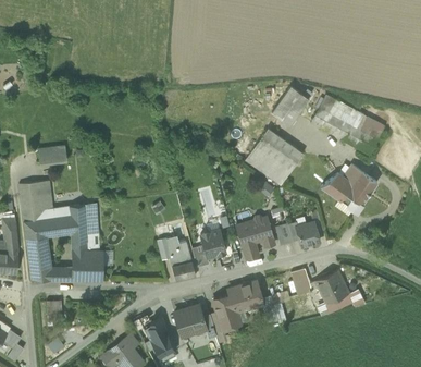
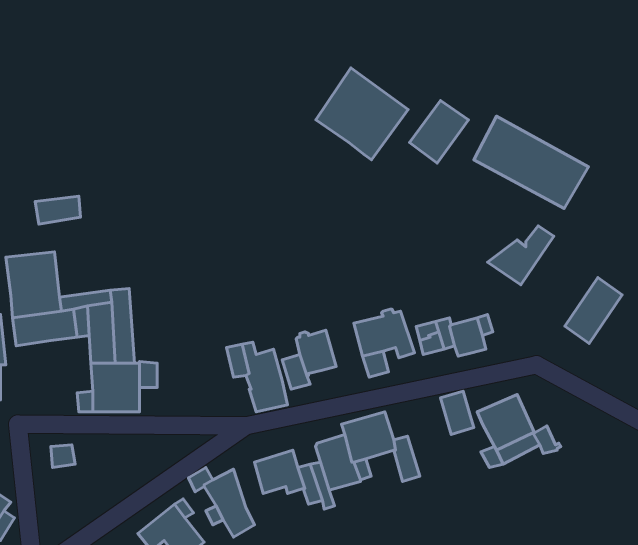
building: [245,127,302,185] -> [316,68,408,160]
building: [340,171,376,212] -> [565,278,622,344]
building: [25,236,52,280] -> none

